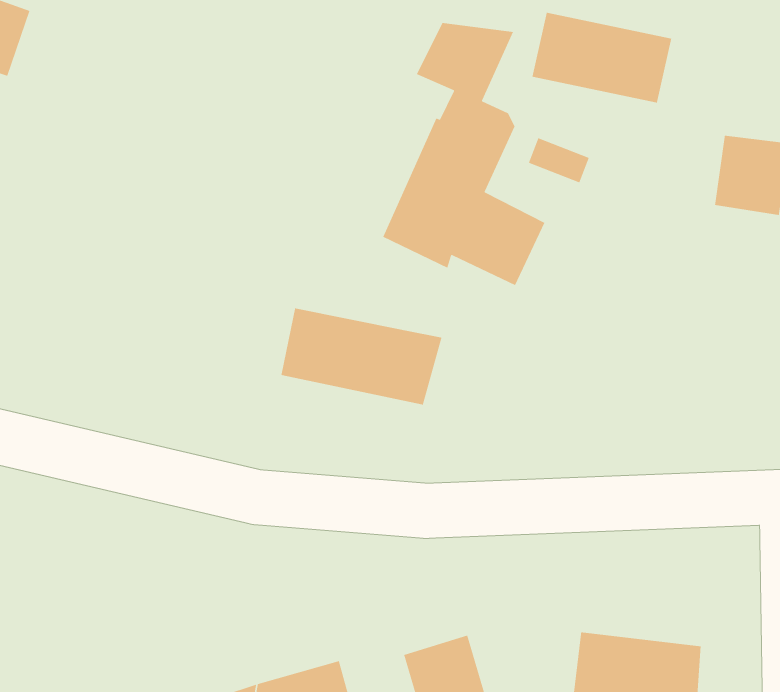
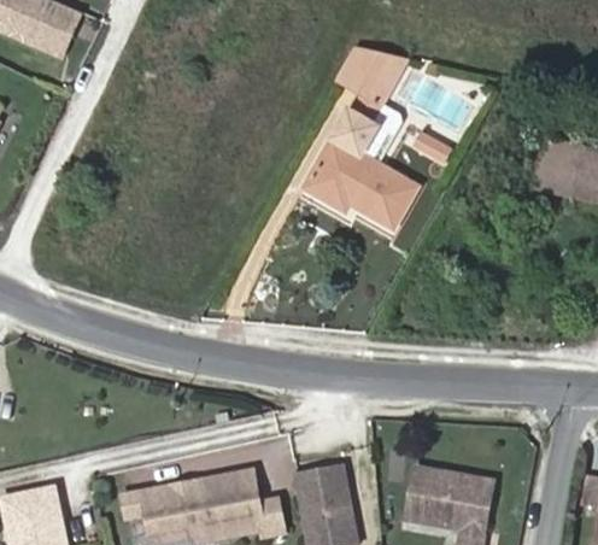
building: [532,12,672,103] -> none
building: [280,307,442,405] -> none

